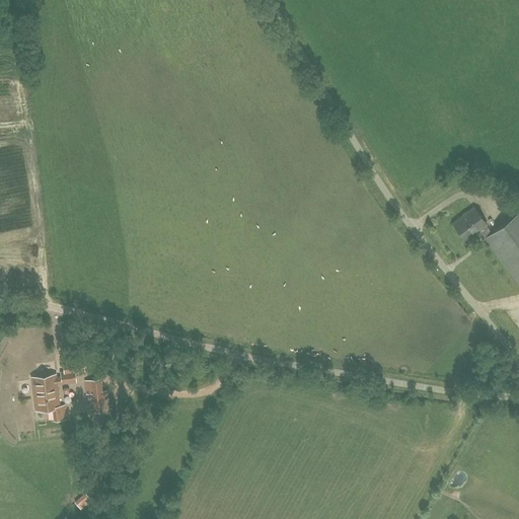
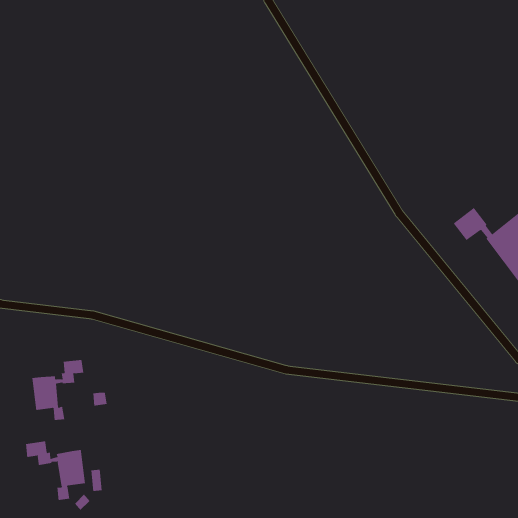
building: none -> [25,441,86,501]

